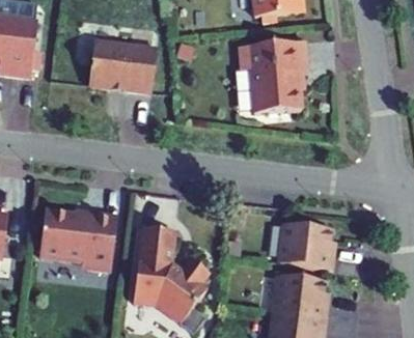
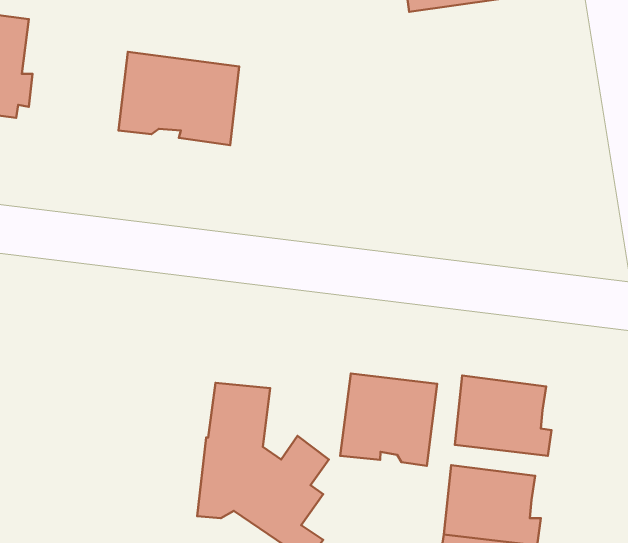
building: [239,39,307,112] -> none
building: [38,208,116,270] -> none
building: none -> [340,374,437,466]

